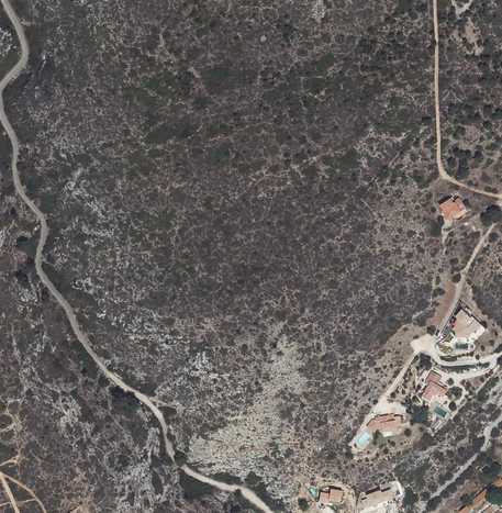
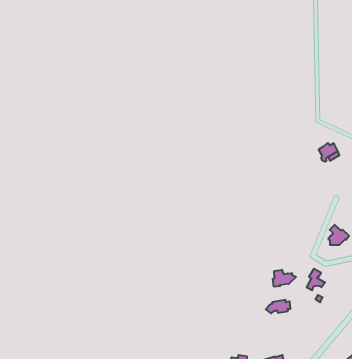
building: none -> [273,270,296,287]

